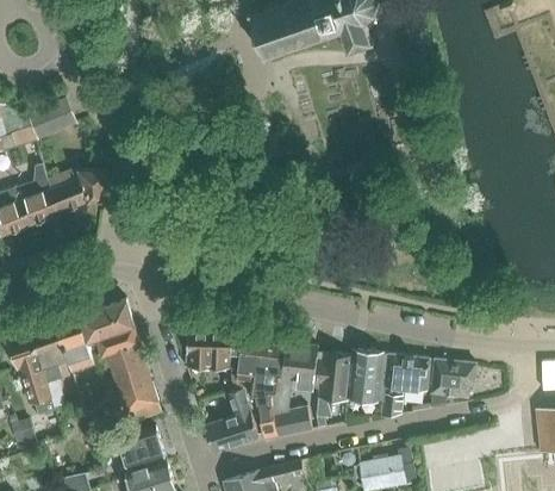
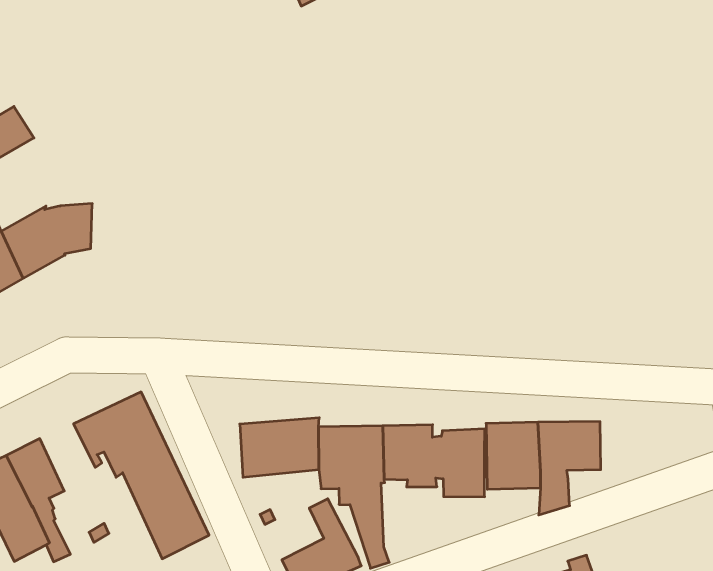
building: [54,318,94,375] -> none
building: [431,362,474,399] -> none
building: [274,384,311,437] -> none

